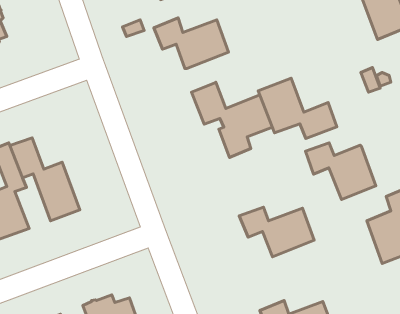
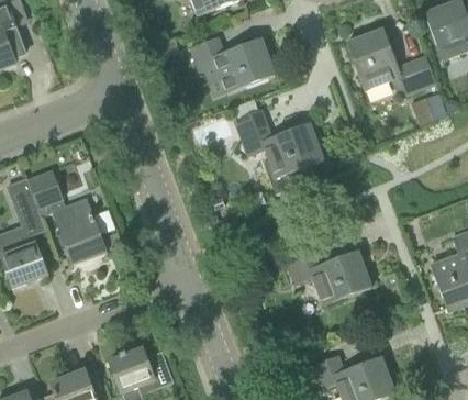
building: [258,78,337,139] -> [345,27,434,96]
building: [305,143,376,199] -> none

